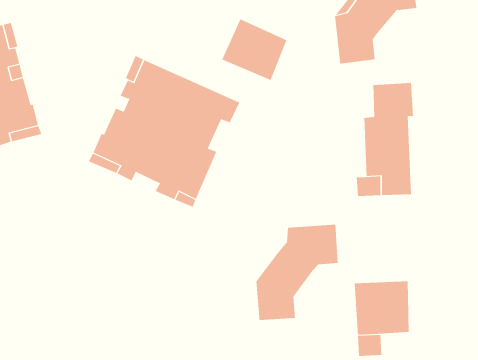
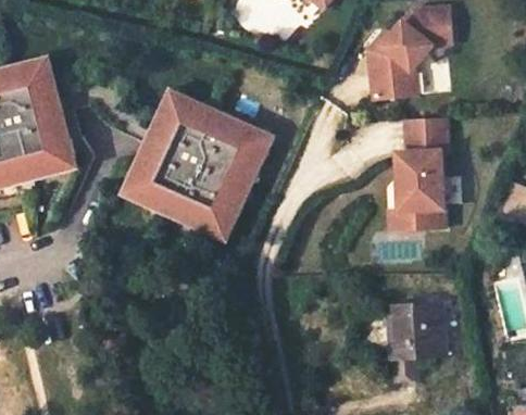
building: [222,19,287,81] -> none
building: [256,224,338,321] -> none

